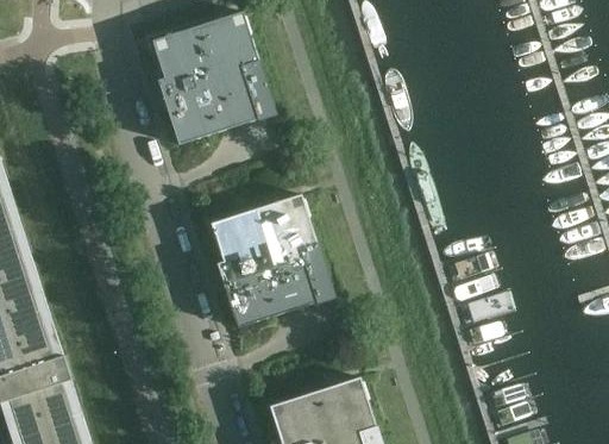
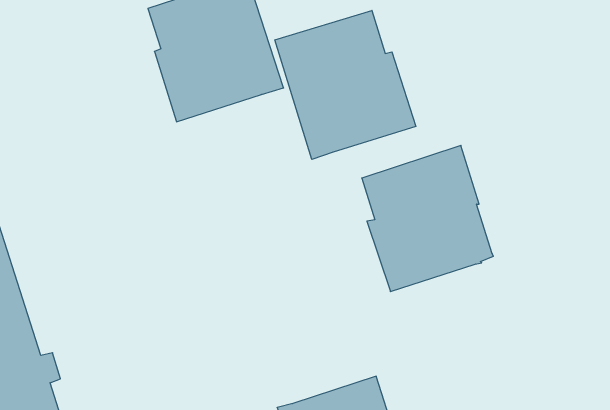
building: none -> [275,10,416,159]
building: [212,194,332,327] -> [362,145,493,292]

